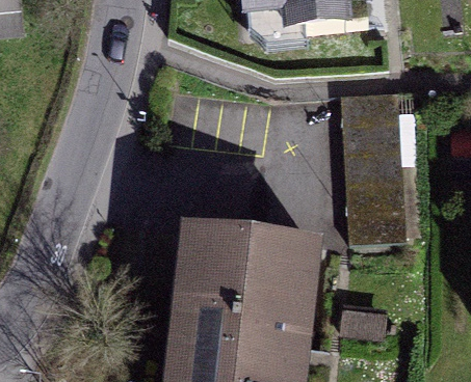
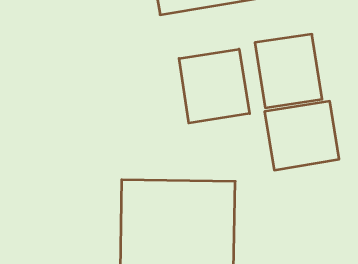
building: none -> [179,49,250,123]

